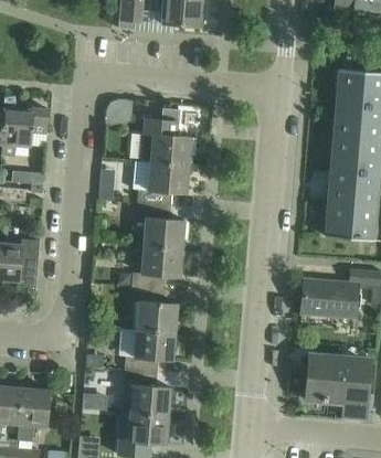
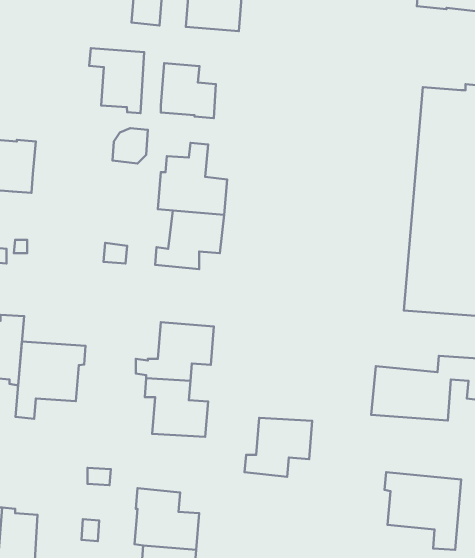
building: none -> [89,48,144,113]
building: none -> [161,63,216,118]
building: [136,202,183,248] -> none
building: none -> [16,341,86,419]
building: [124,329,174,373] -> [245,418,312,477]

